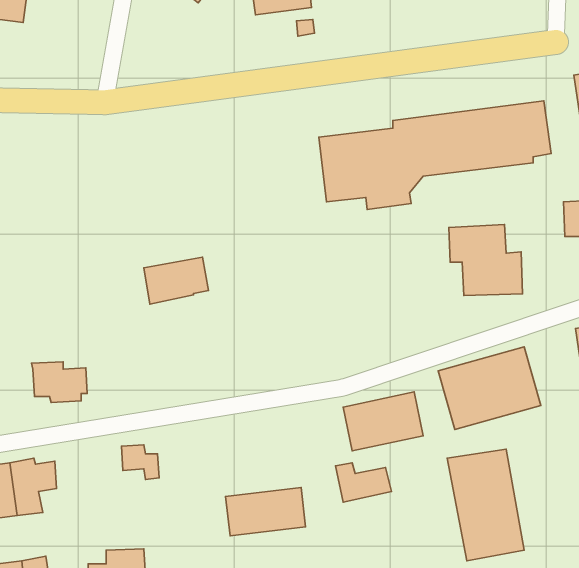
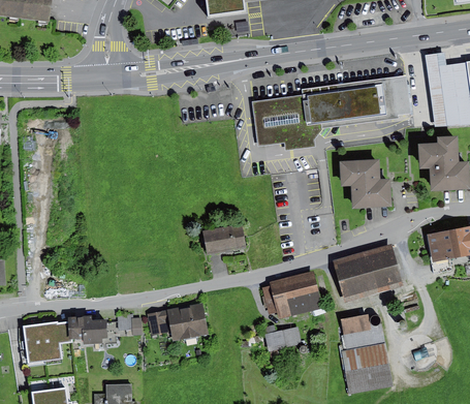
building: [144,257,209,304] -> [201,223,246,255]
building: [31,362,87,402] -> [69,317,107,345]
building: [226,487,306,536] -> [151,305,206,338]

